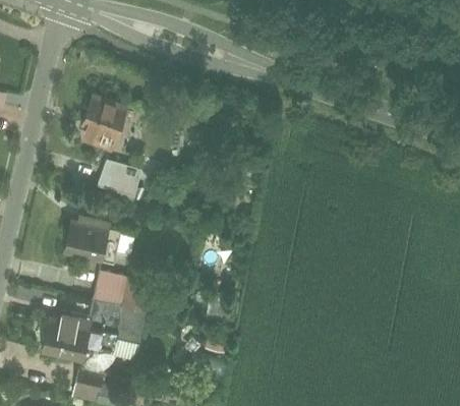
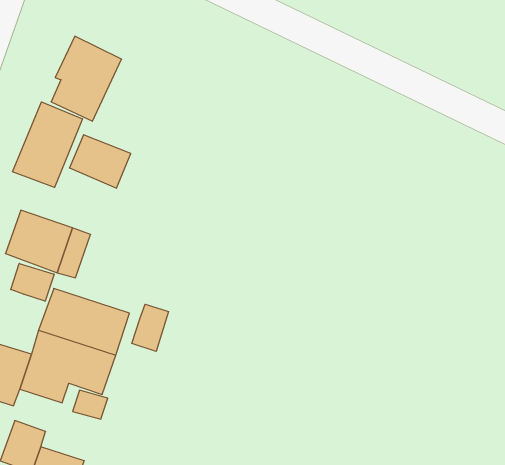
building: none -> [13,102,82,187]
building: none -> [11,263,54,301]
building: none -> [132,304,168,351]

